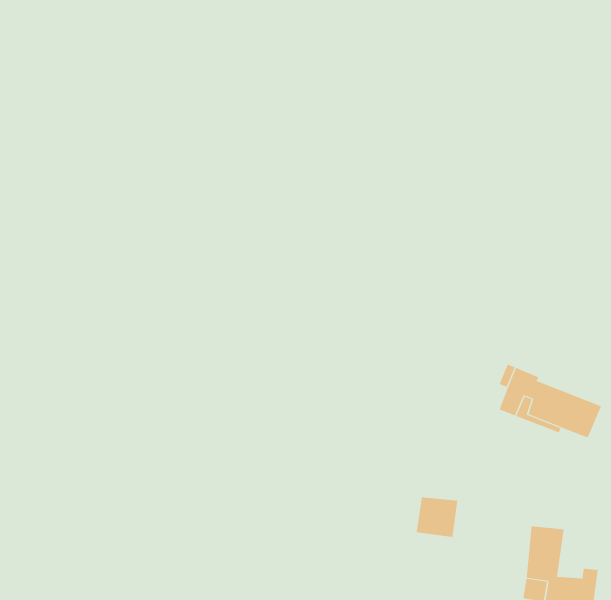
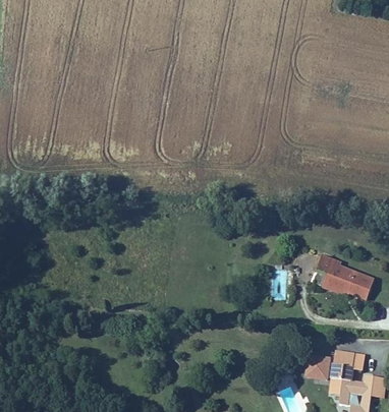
building: [416,497,458,537] -> [308,357,333,381]

